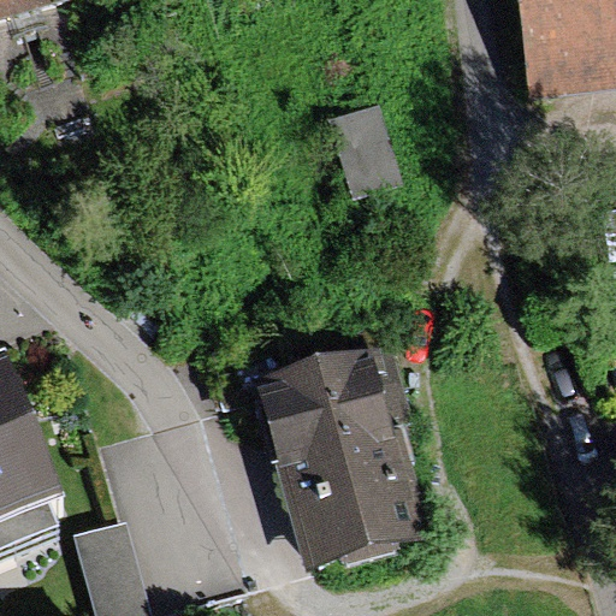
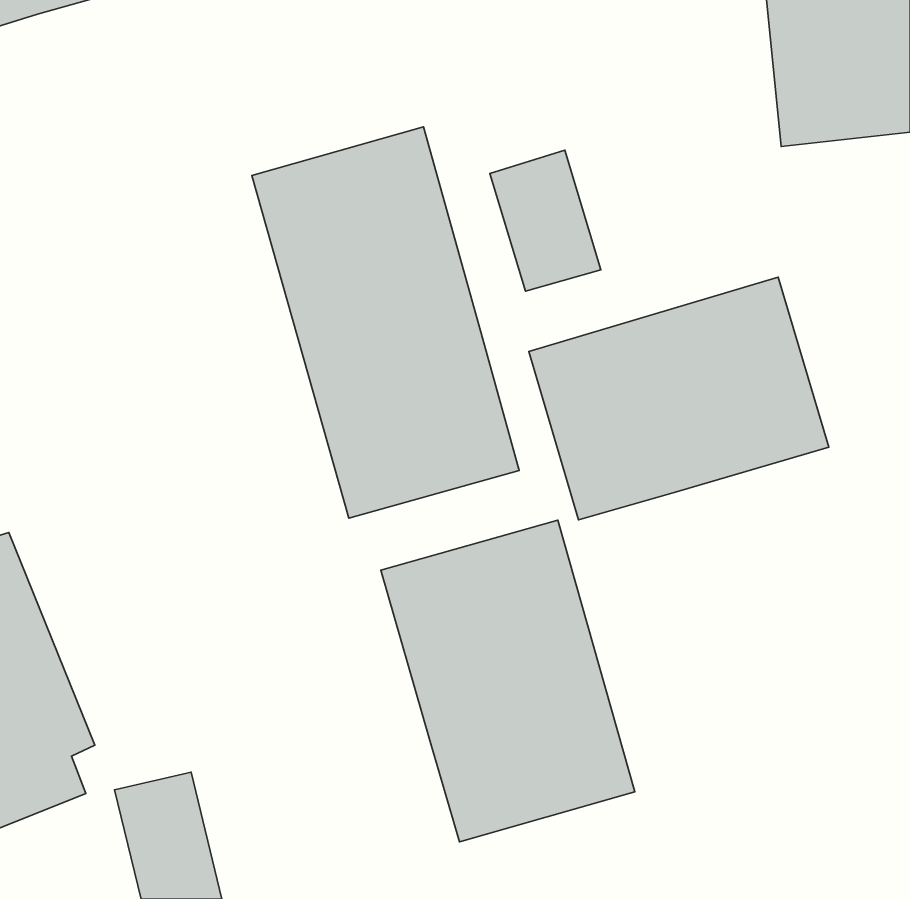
building: none -> [252,127,519,518]
building: none -> [529,277,829,520]

